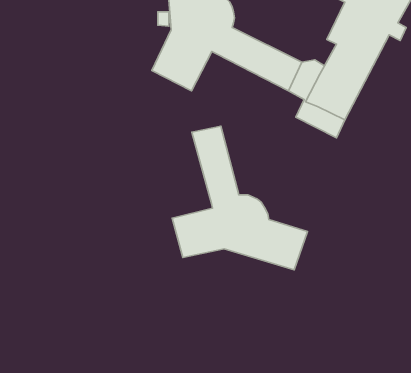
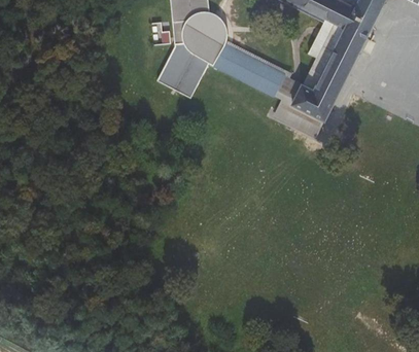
building: [172,126,308,270] -> none

